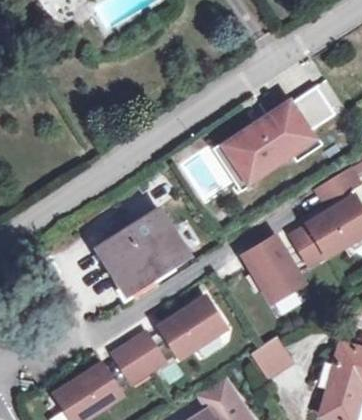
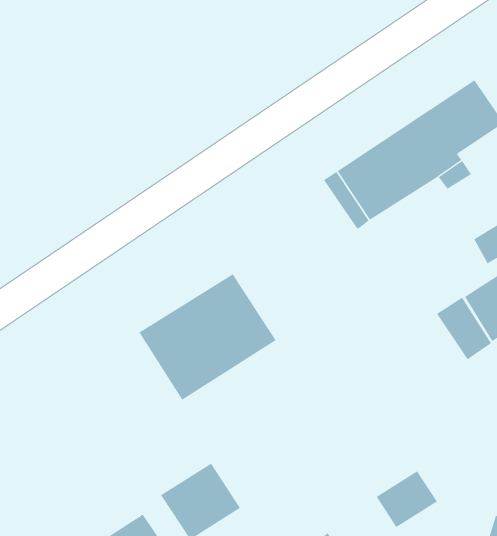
building: [244,238,301,301] -> none
building: [160,298,224,356] -> none

